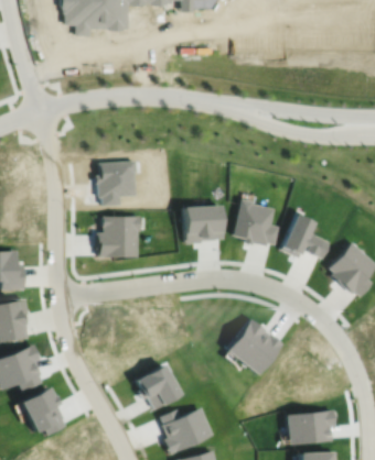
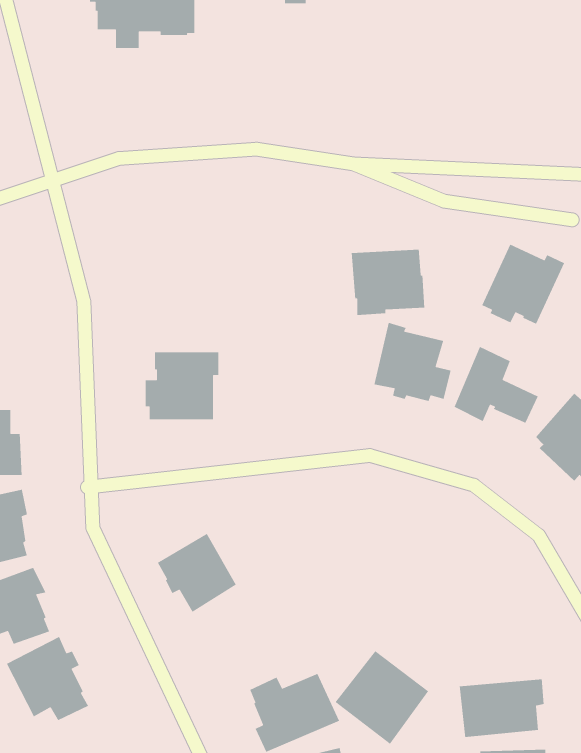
building: none -> [481,244,565,325]
building: [96,164,141,209] -> none
building: [179,204,223,243] -> [351,249,425,316]
building: [228,318,285,374] -> [334,650,429,745]
building: [132,363,180,410] -> [157,533,237,613]

